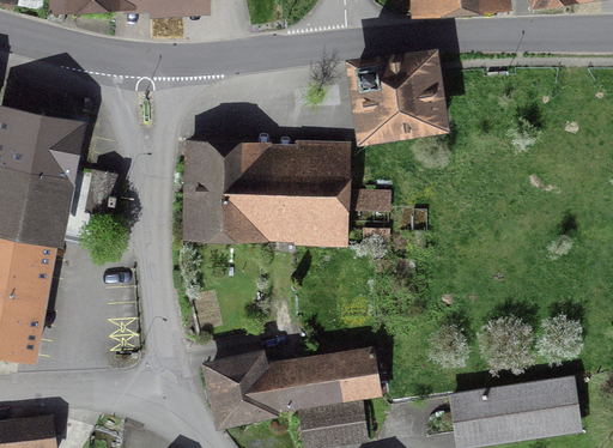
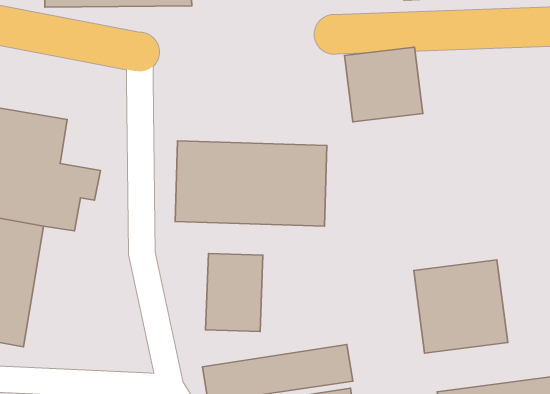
building: none -> [206,253,263,332]
building: none -> [414,260,508,353]

